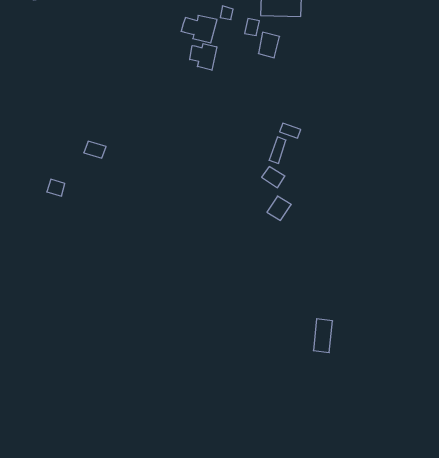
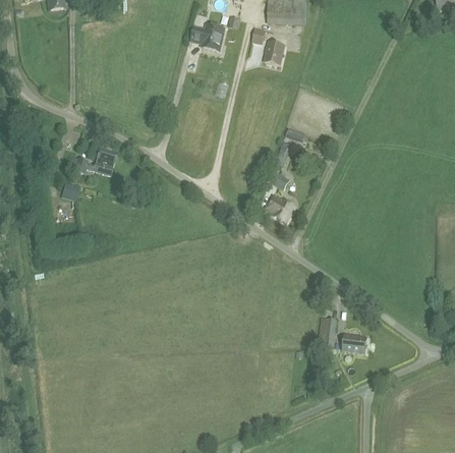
building: [190,44,217,70] -> none
building: none -> [341,333,365,352]

